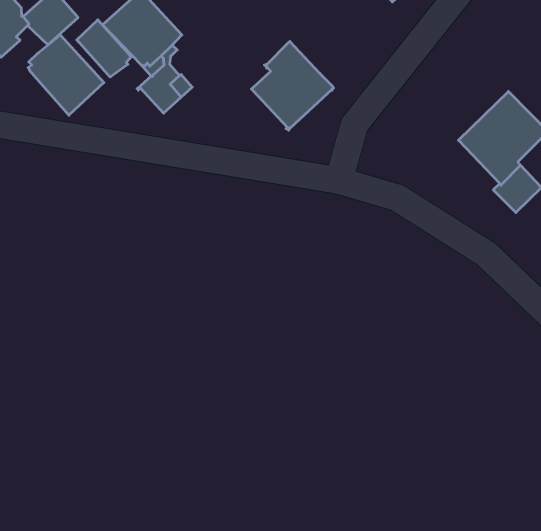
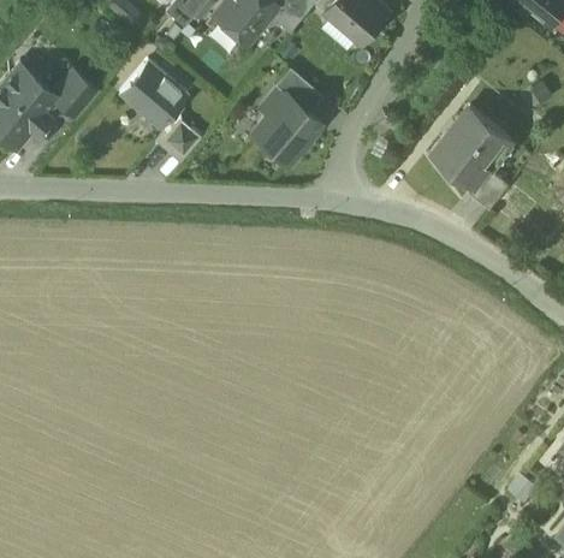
building: none -> [275,69,323,113]
building: [77,20,131,77] -> none
building: [28,35,104,115] -> none

